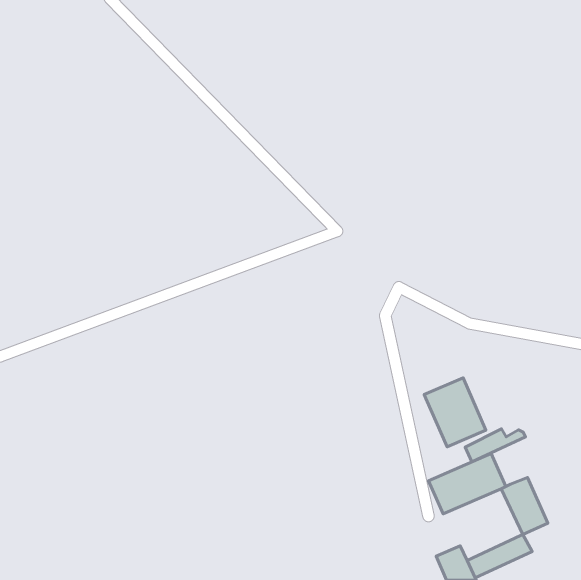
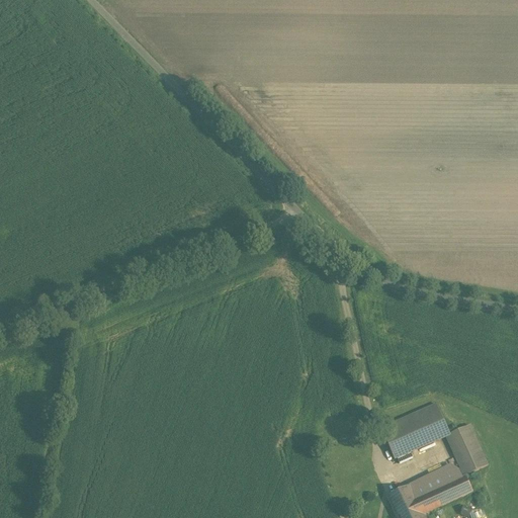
building: [424,378,486,447] -> none
building: [465,429,525,462] -> [410,468,463,498]

